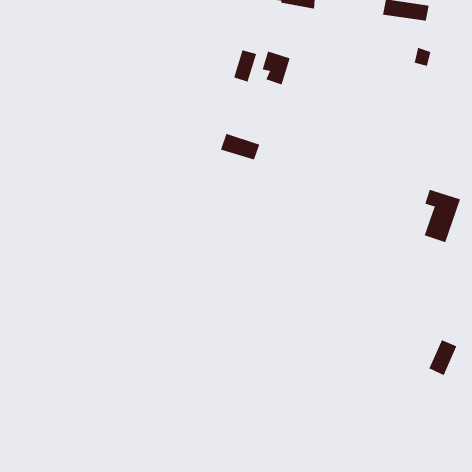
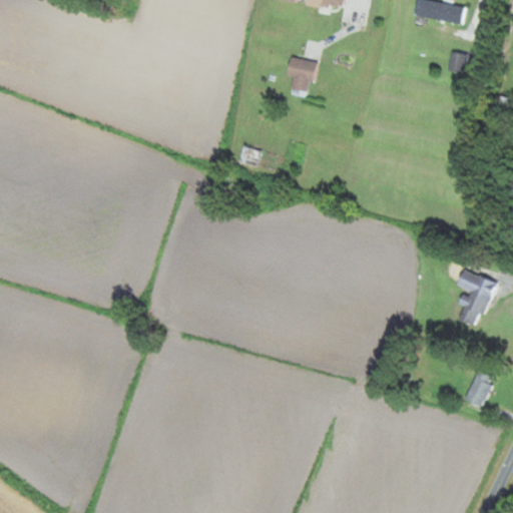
building: [234,49,257,82] -> none
building: [424,189,461,243] -> [456,270,496,328]

